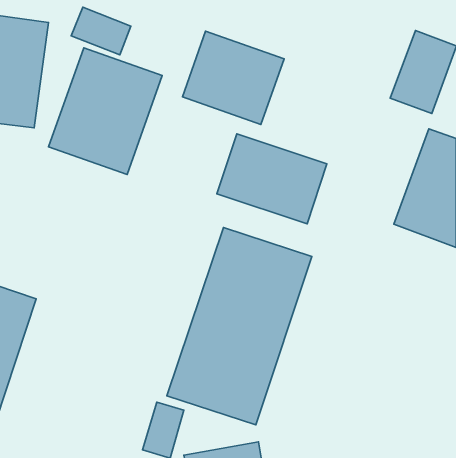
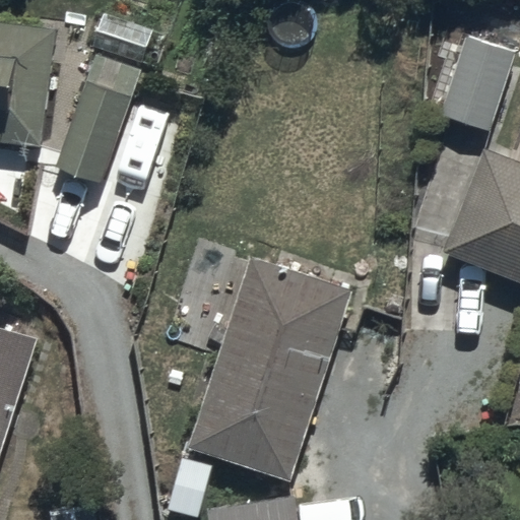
building: [182,31,284,125] -> none
building: [217,134,327,224] -> none

